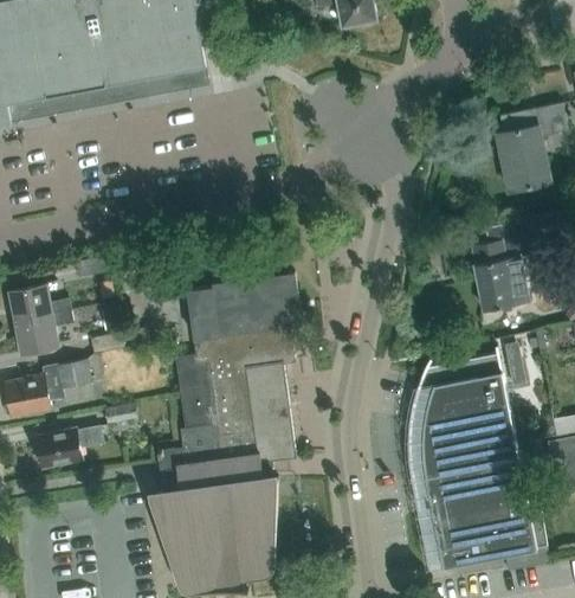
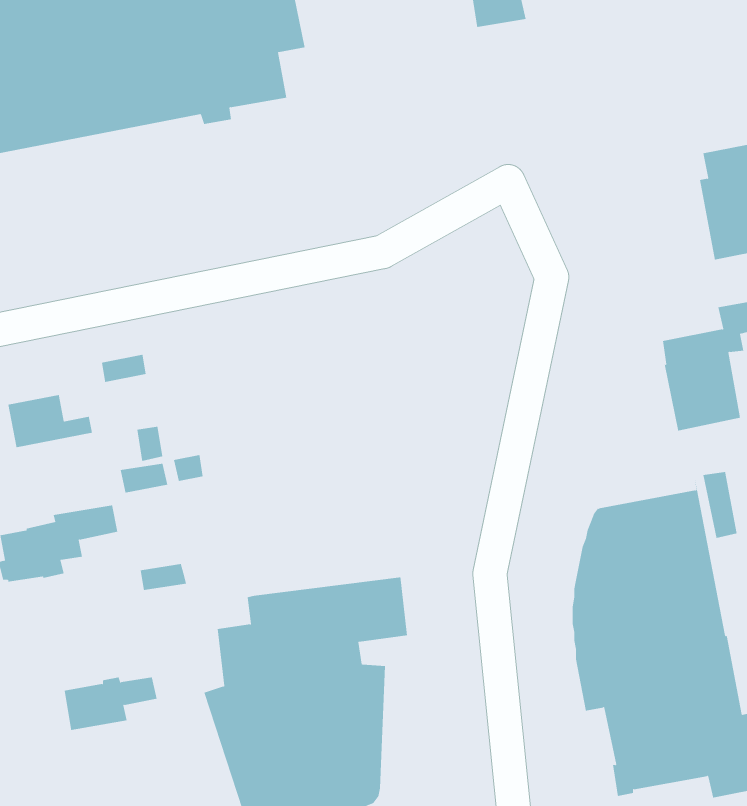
building: [176,274,302,427] -> none
building: [17,313,73,353] -> none
building: [37,429,103,467] -> [64,677,158,731]

